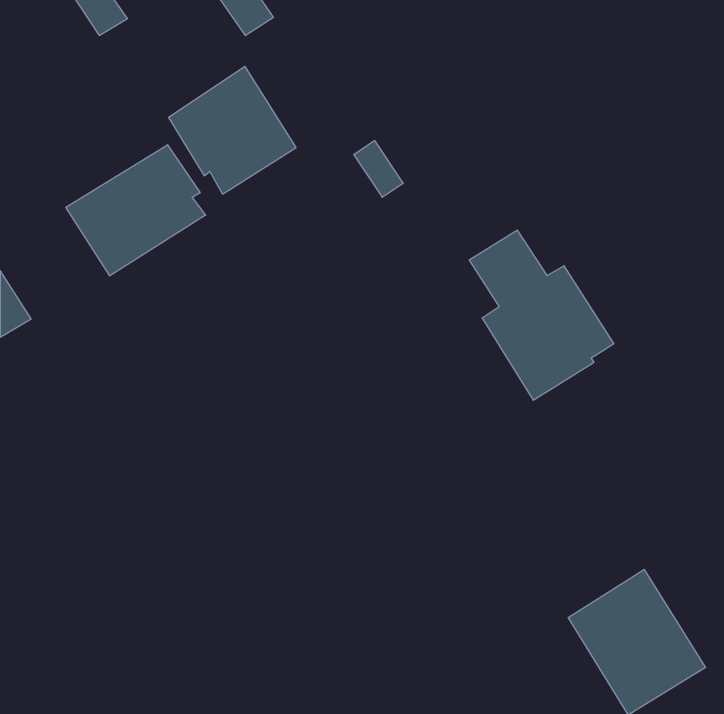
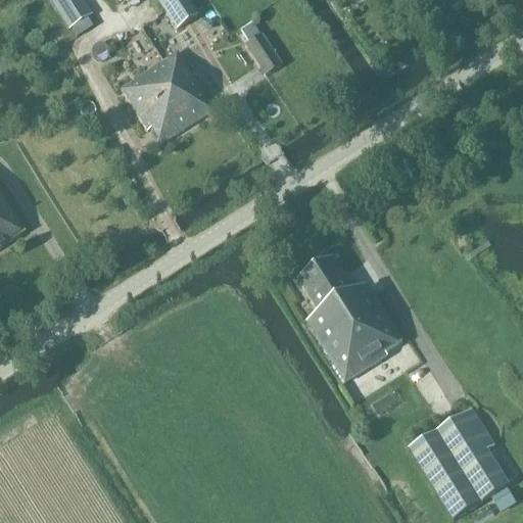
building: [354,141,403,197] -> [243,32,279,73]
building: [66,145,206,276] -> none
building: [469,230,614,400] -> [298,255,402,378]

